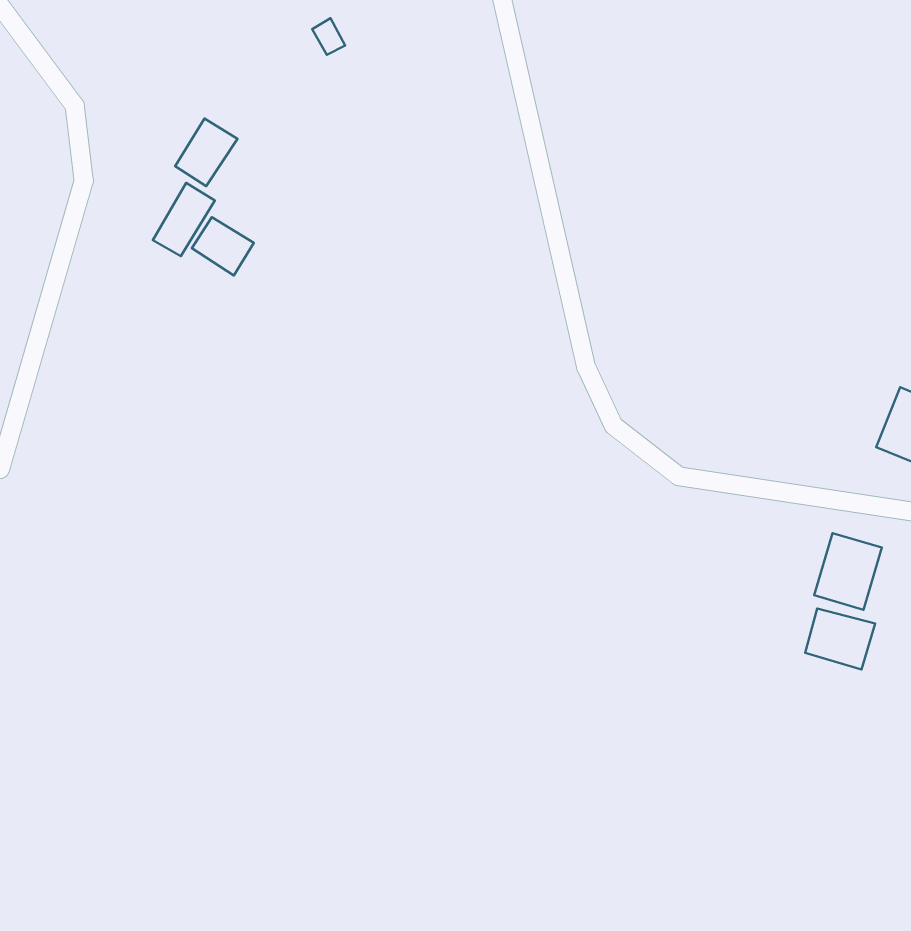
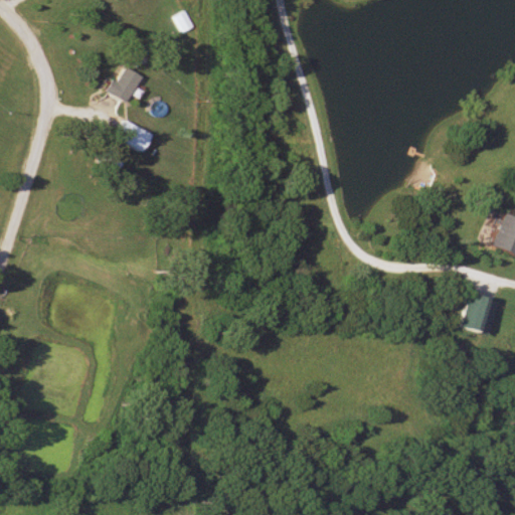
building: [153,183,215,256] -> none
building: [805,609,875,669] -> none

